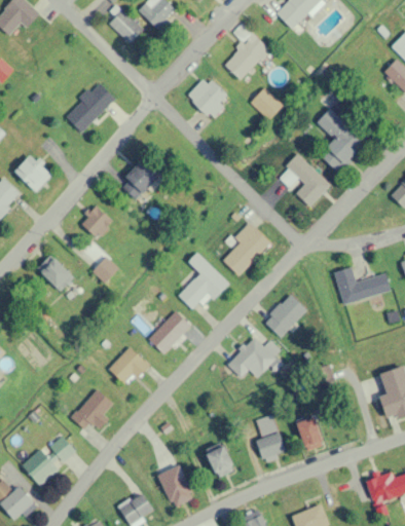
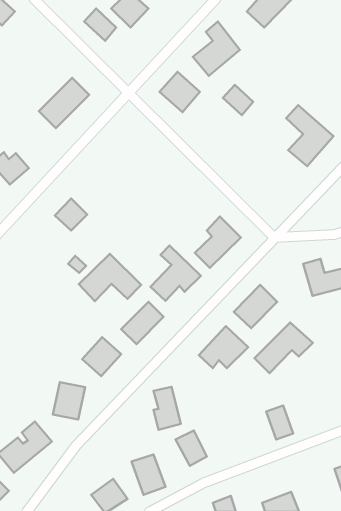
building: [277,154,330,206] -> none
building: [119,157,160,199] -> none
building: [37,254,74,291] -> none
building: none -> [79,254,141,301]
building: none -> [254,322,313,373]
building: [256,415,284,459] -> [154,387,181,430]

